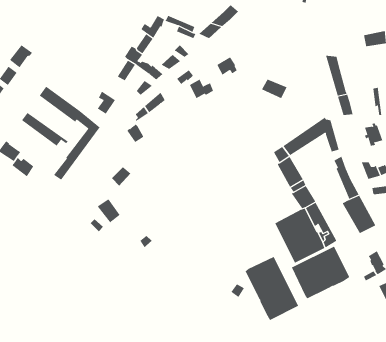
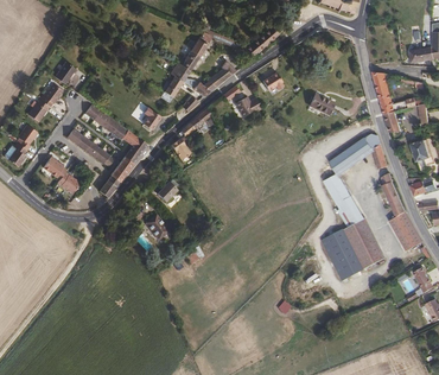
building: [291,246,350,299] -> none
building: [245,256,299,321] -> none

